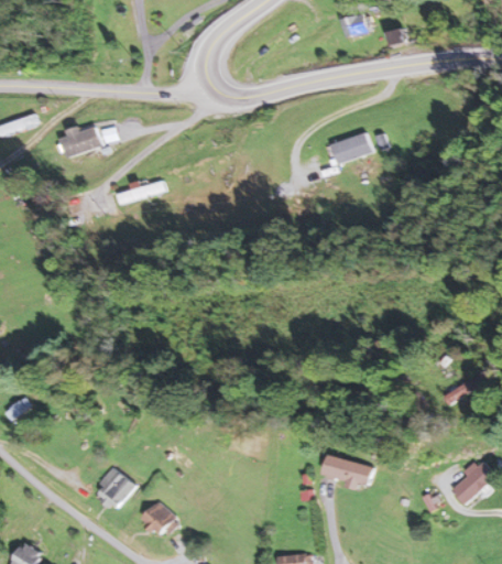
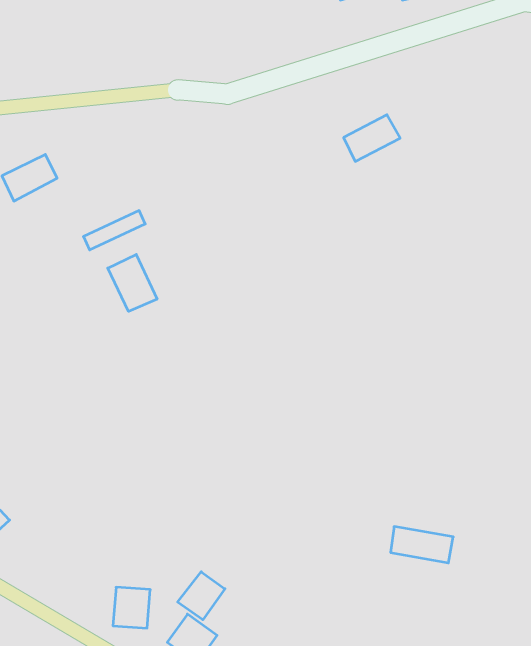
building: none -> [108,254,157,311]
building: none -> [178,572,225,620]

